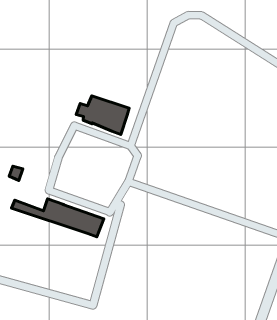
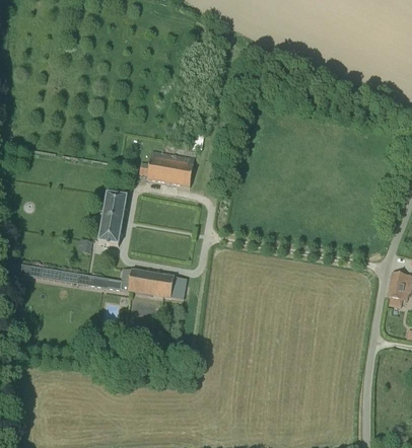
building: none -> [97,194,126,246]

